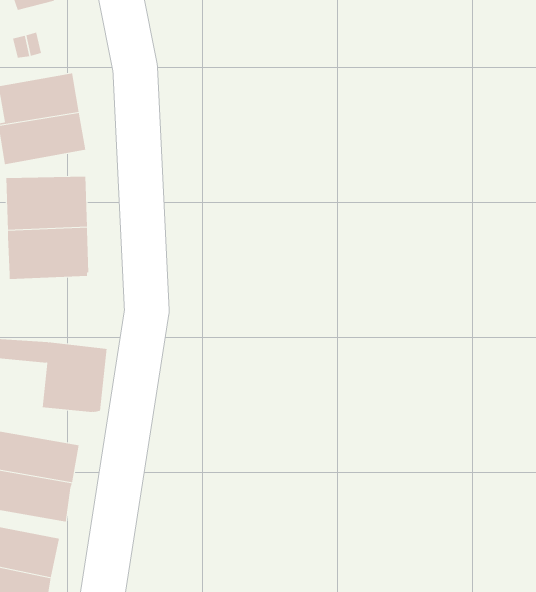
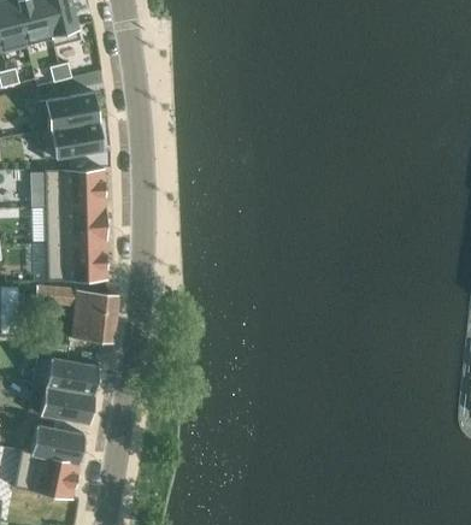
building: none -> [48,242,107,282]

